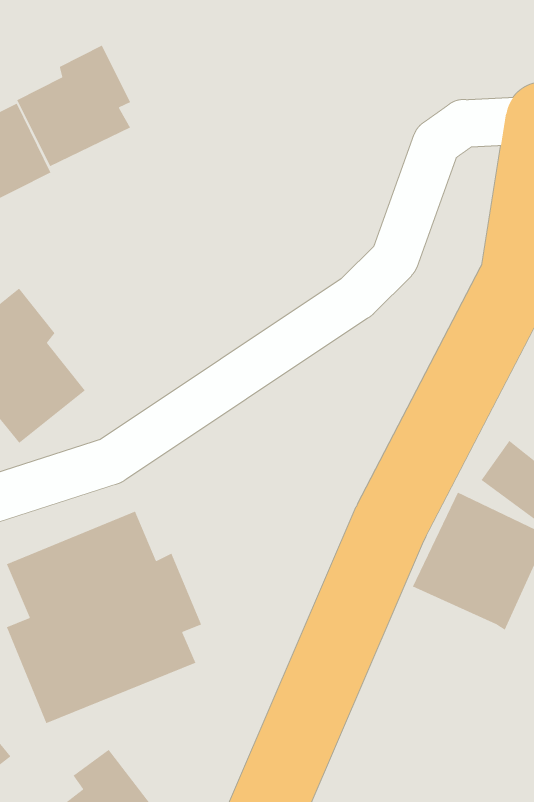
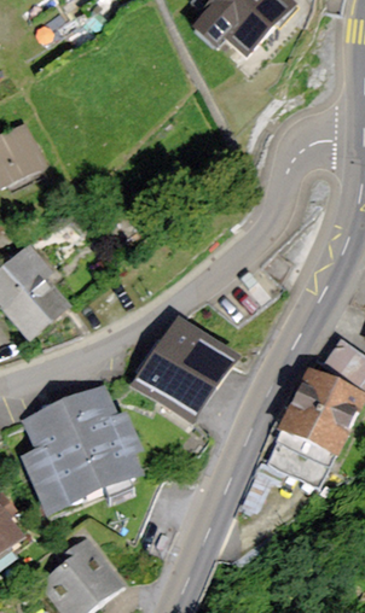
building: [16,45,131,167] -> none
building: none -> [129,310,241,425]
building: none -> [263,431,330,484]

